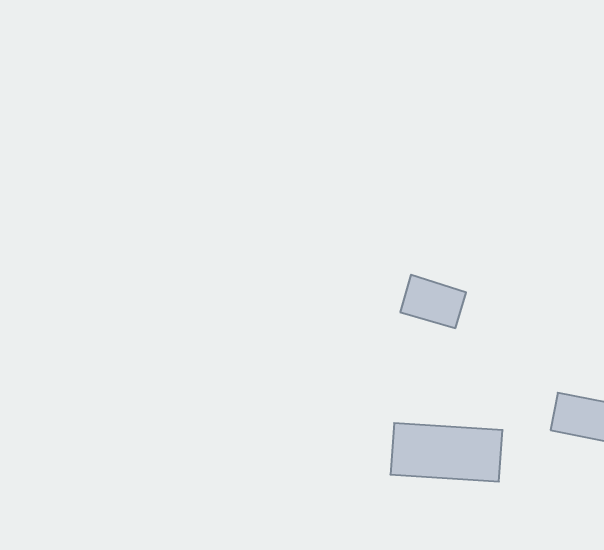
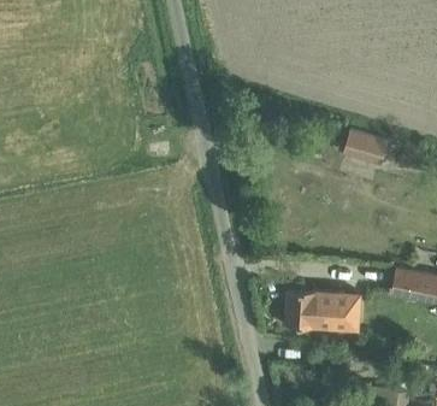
building: [400,275,466,328] -> [343,131,388,167]

